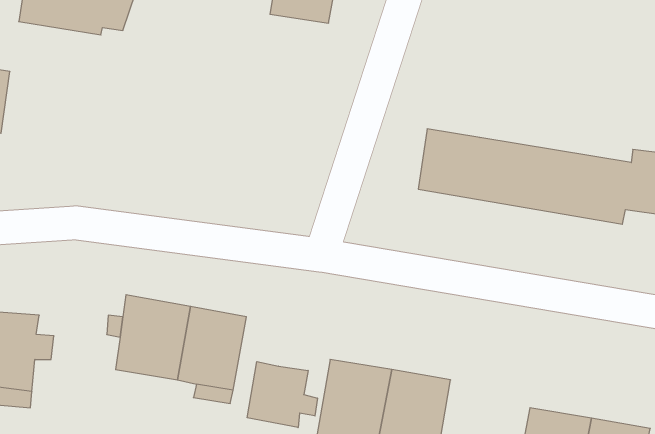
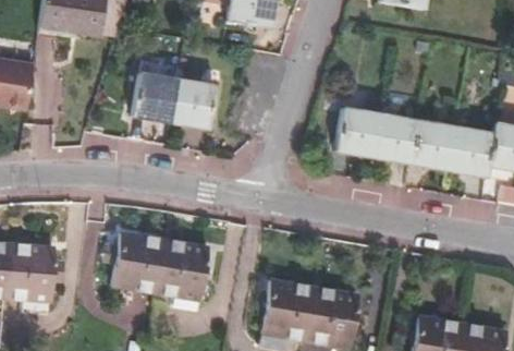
building: none -> [133,72,217,131]
building: [247,362,317,428] -> none

